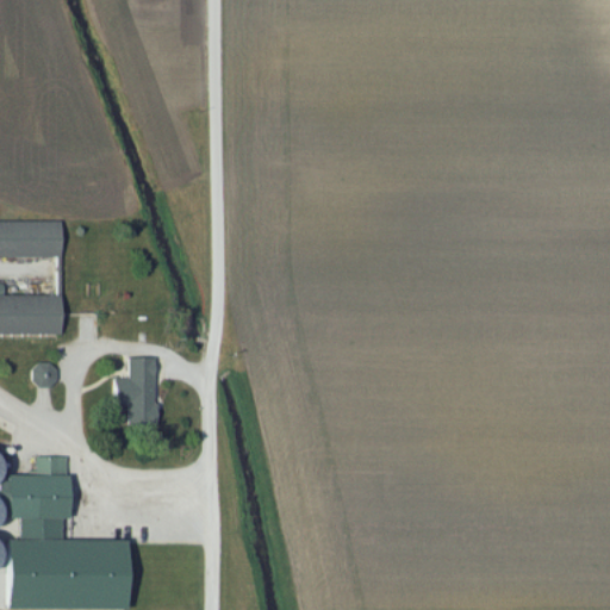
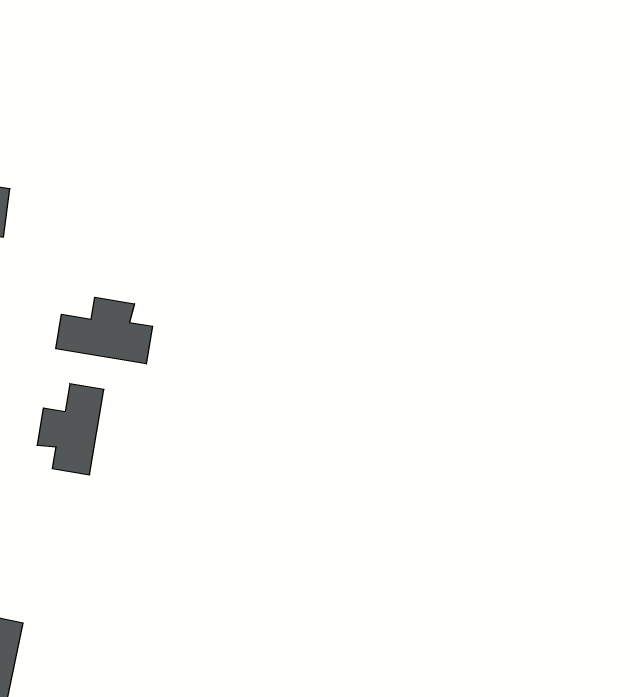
building: none -> [56,297,153,364]

